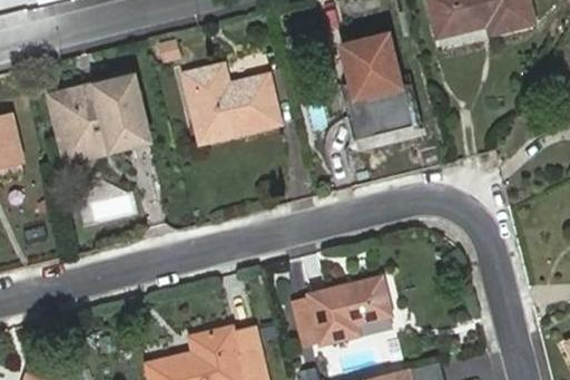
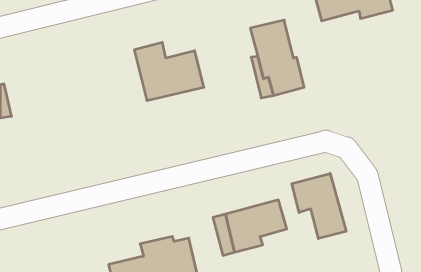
building: [48,77,145,160] -> none
building: none -> [292,173,346,239]

